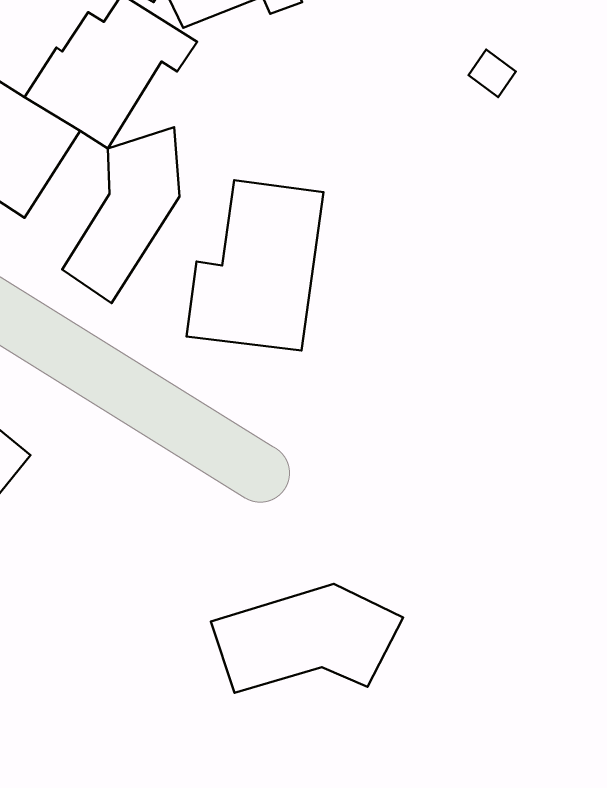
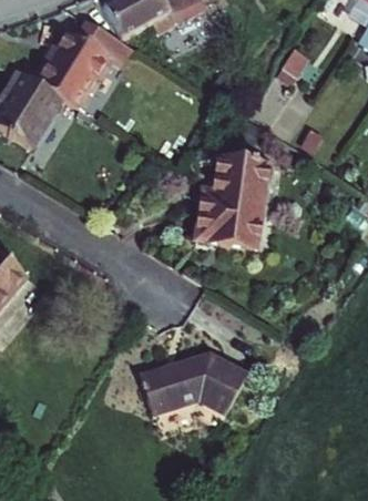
building: [62,127,180,303] -> none
building: [187,180,323,350] -> [194,152,270,247]

